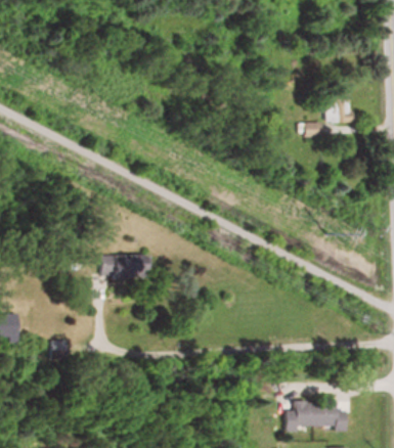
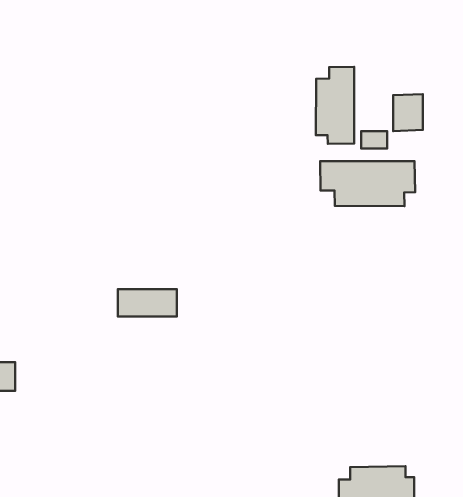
building: none -> [316,67,354,144]
building: none -> [320,161,415,206]

